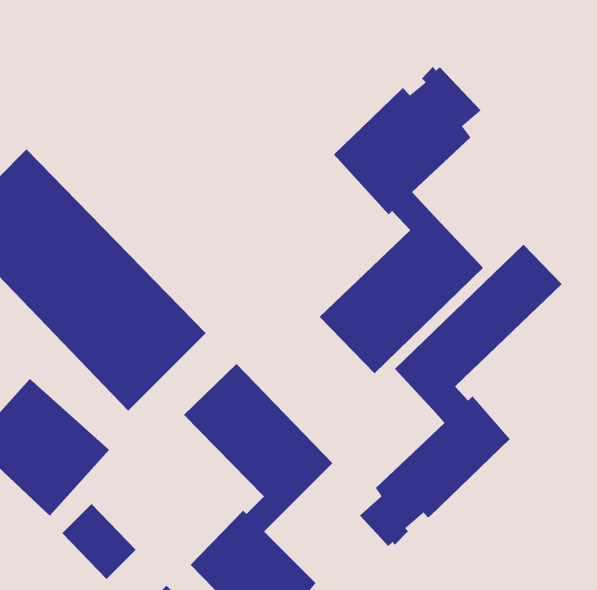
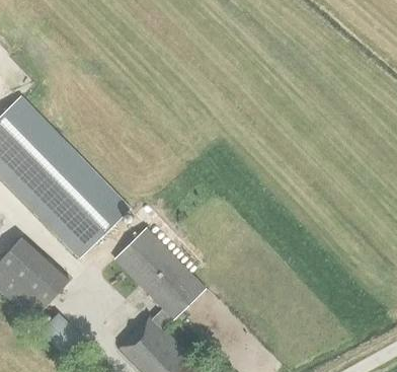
building: [319,66,484,374] -> none
building: [359,244,563,547] -> none

